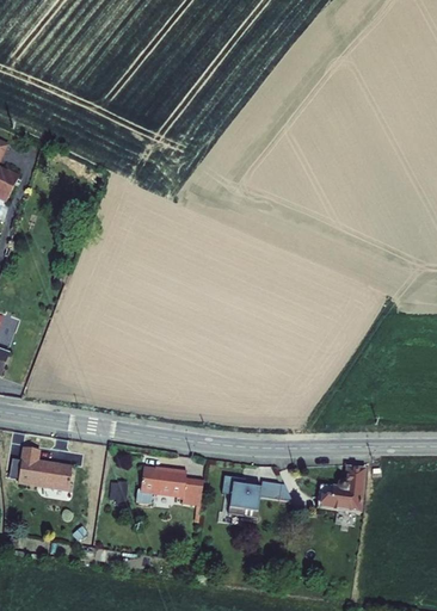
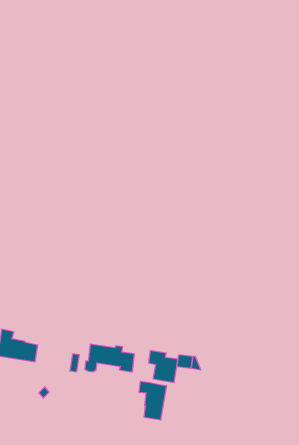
building: [321,467,365,513] -> none
building: none -> [139,381,166,420]

